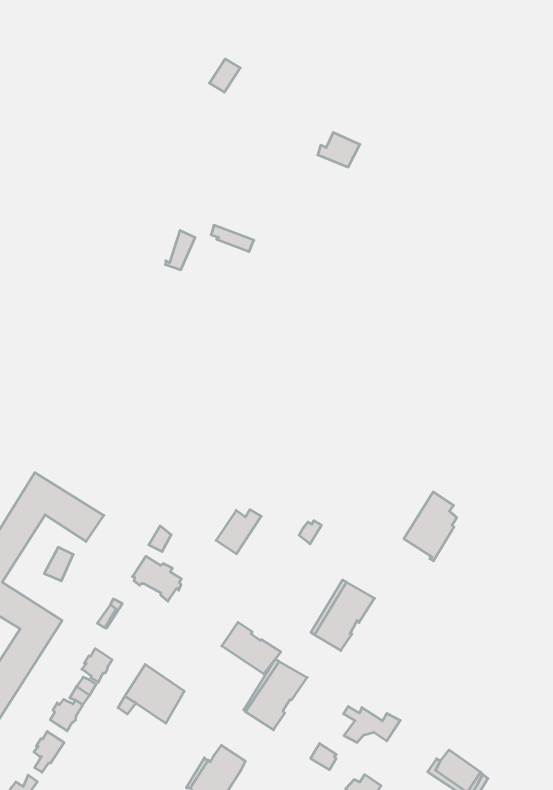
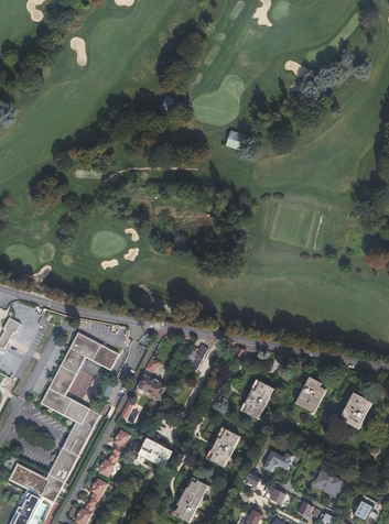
building: [404,492,457,561] -> [295,375,324,414]
building: none -> [342,392,370,429]
building: [222,622,281,674] -> none

